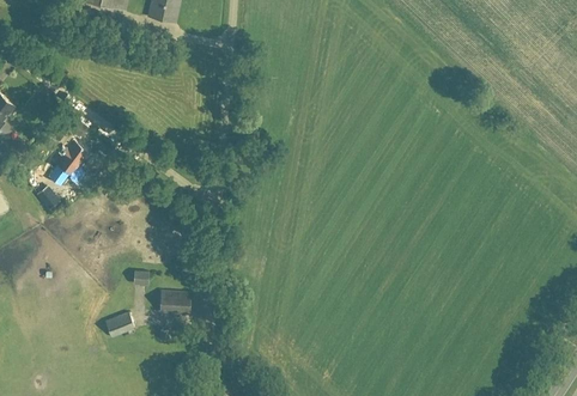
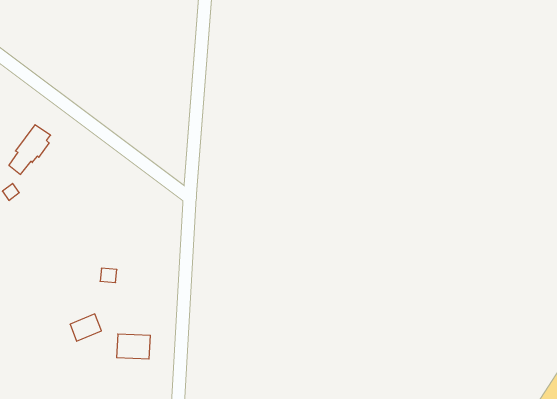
building: [159,290,190,312] -> [117,334,150,359]

